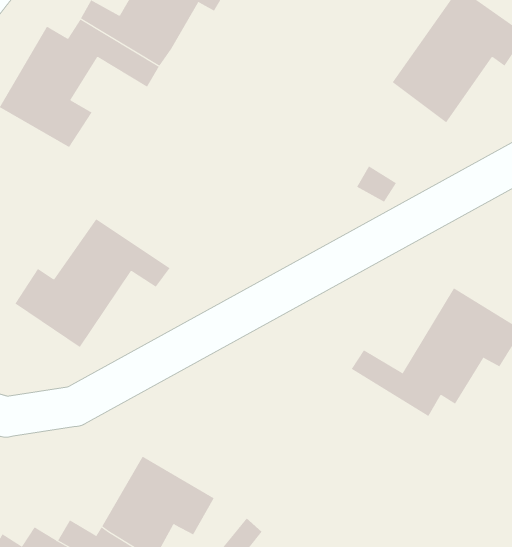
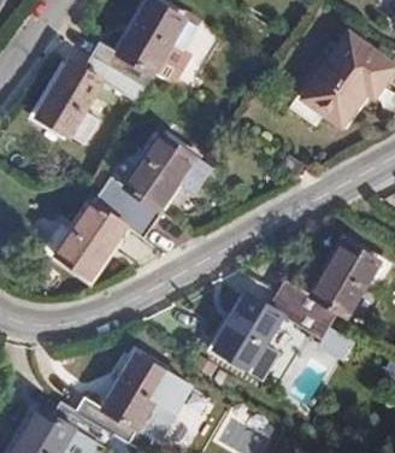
building: none -> [102,133,212,224]
building: none -> [213,292,329,375]

